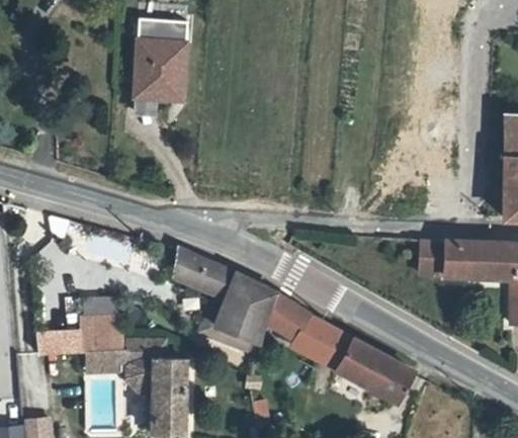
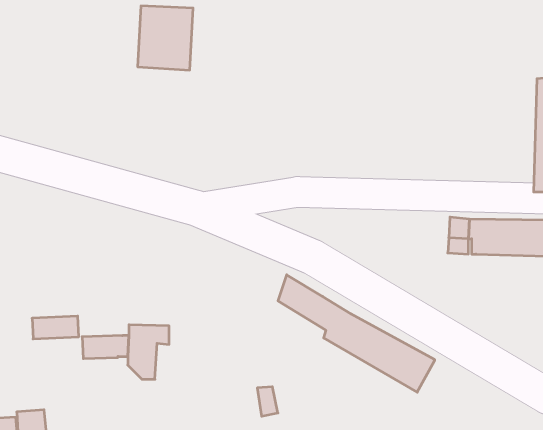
building: [175,250,274,353] -> none
building: [80,317,121,351] -> none
building: [151,357,186,433] -> none

